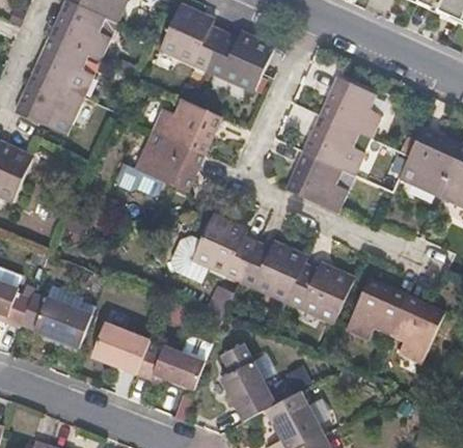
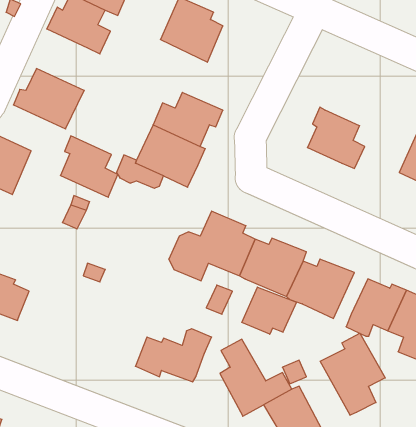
building: [208,31,275,91] -> none
building: [37,35,94,96] -> [60,136,118,197]
building: [325,78,381,138] -> none
building: [291,150,347,213] -> none
building: [20,282,91,346] -> none
building: none -> [242,287,296,334]
building: [90,320,148,371] -> none
building: none -> [320,333,385,415]

